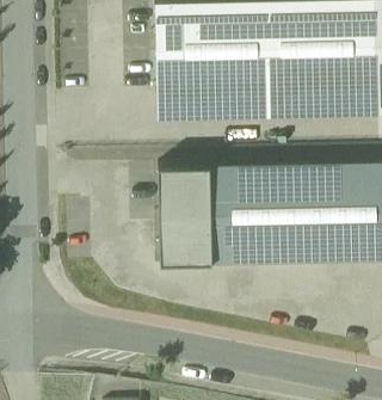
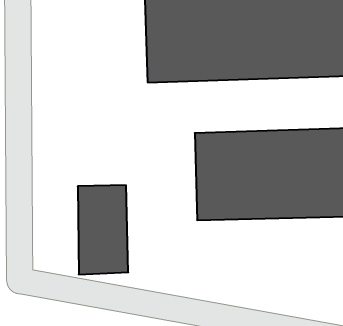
building: [160,171,215,267] -> [78,185,128,274]

